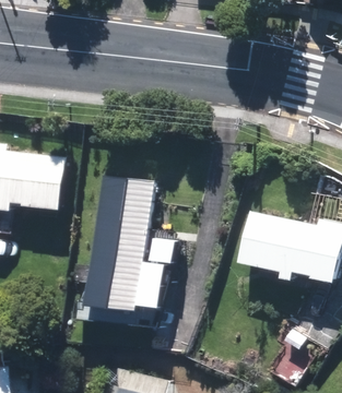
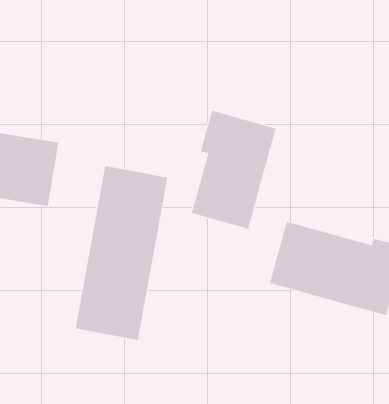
building: none -> [191,110,276,229]

